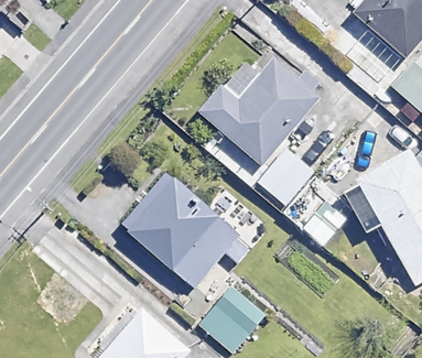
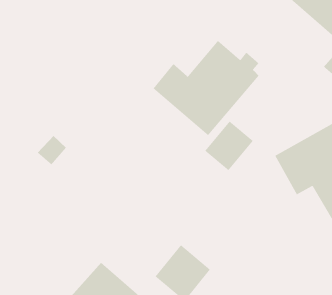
building: [120,173,250,288] -> none

